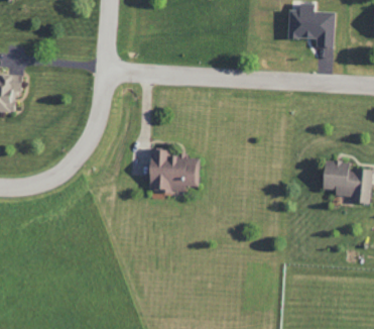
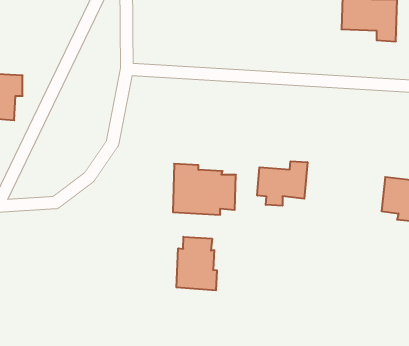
building: none -> [257,161,307,206]
building: none -> [176,237,217,290]

